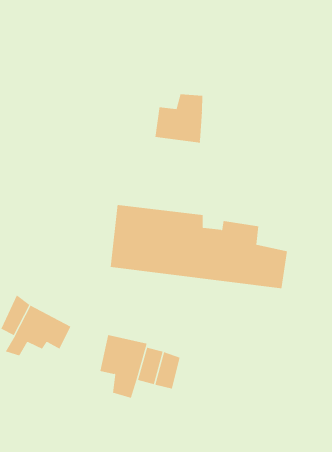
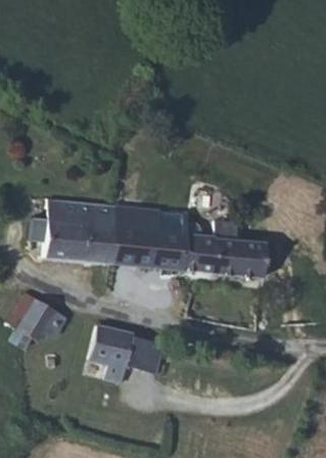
building: [155,93,203,143] -> none
building: none -> [30,198,109,263]

